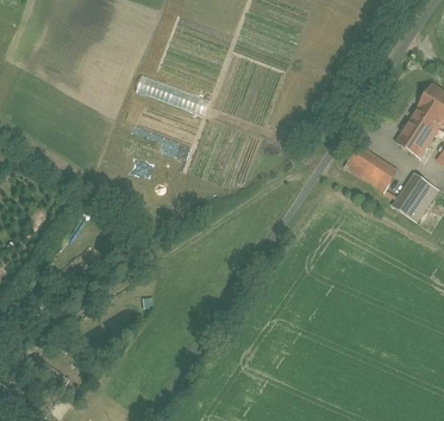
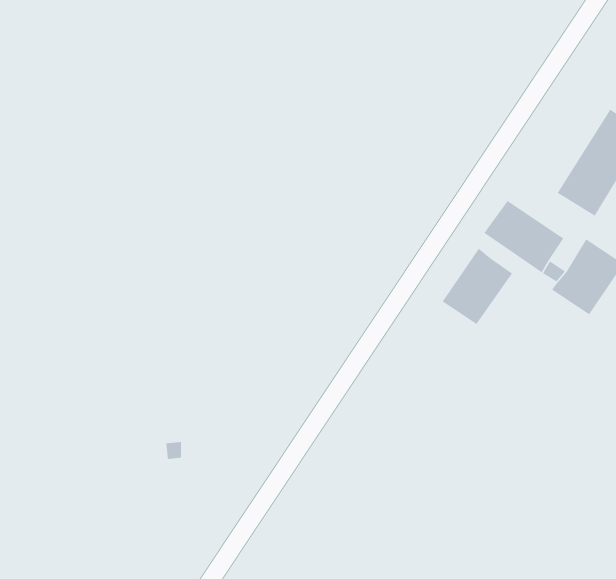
building: none -> [442,248,513,325]

